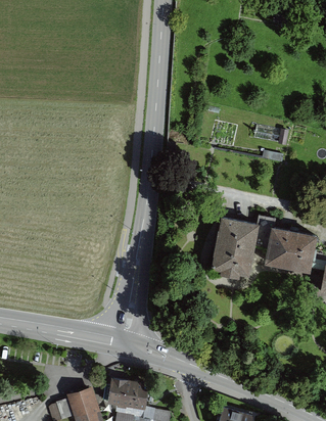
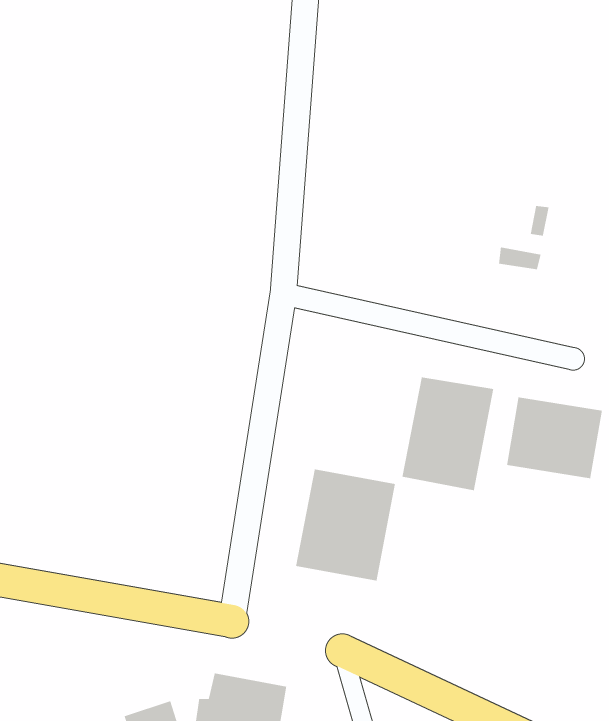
building: none -> [295,468,396,581]

